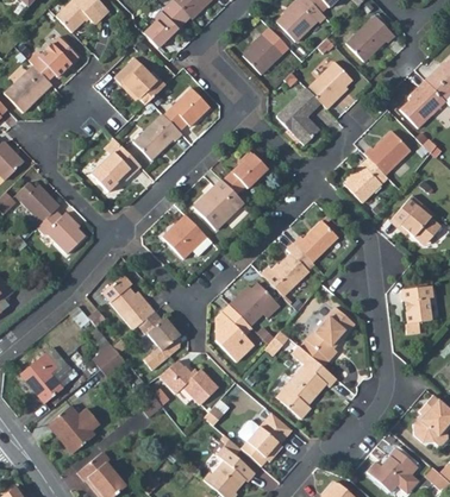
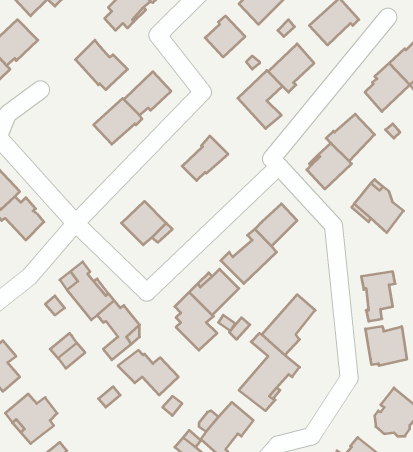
building: [92,143,142,191] -> none
building: [194,180,244,229] -> none
building: none -> [365,326,407,366]

